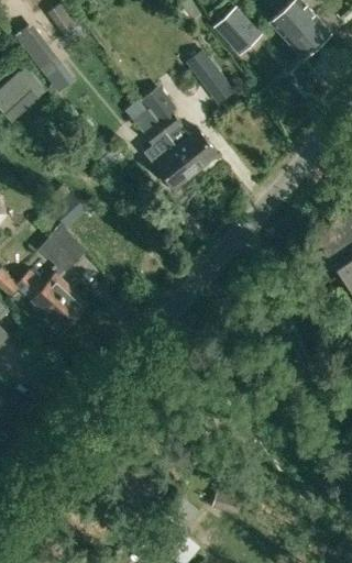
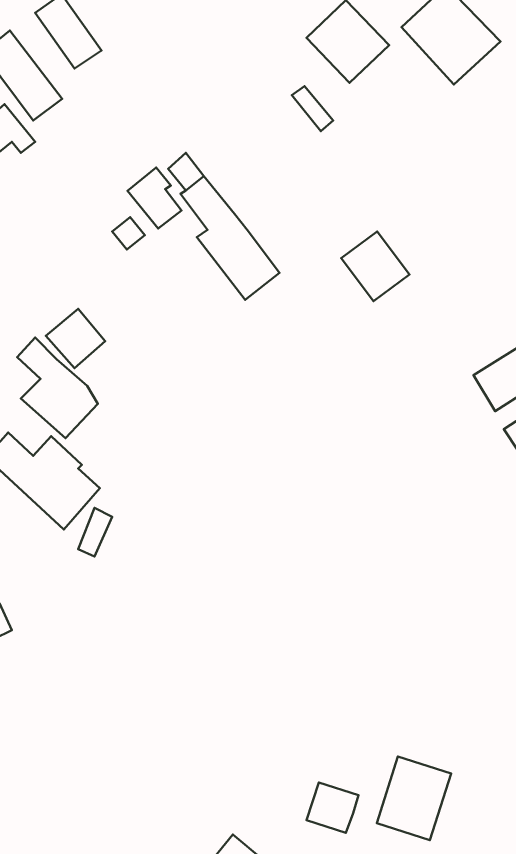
building: [150,99,183,136] -> [128,168,181,229]
building: [176,130,218,173] -> [341,231,409,301]
building: none -> [377,756,451,840]

